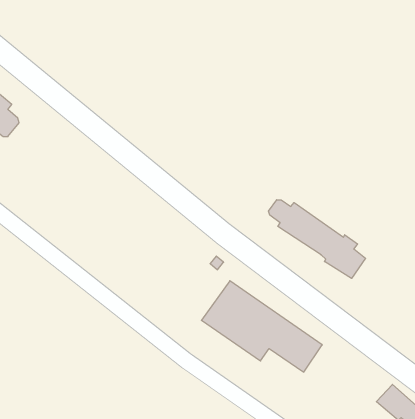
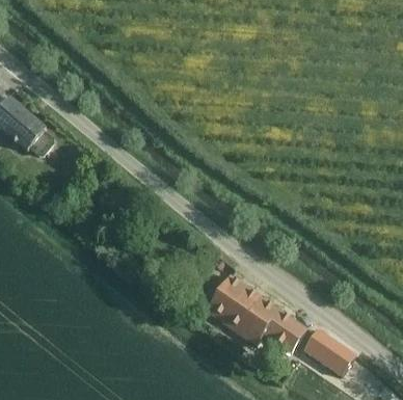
building: [269,200,366,278] -> none
building: none -> [302,328,355,376]

